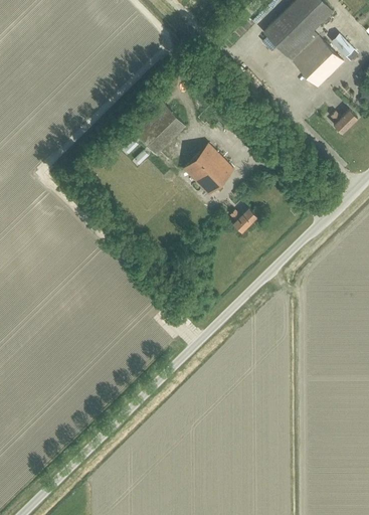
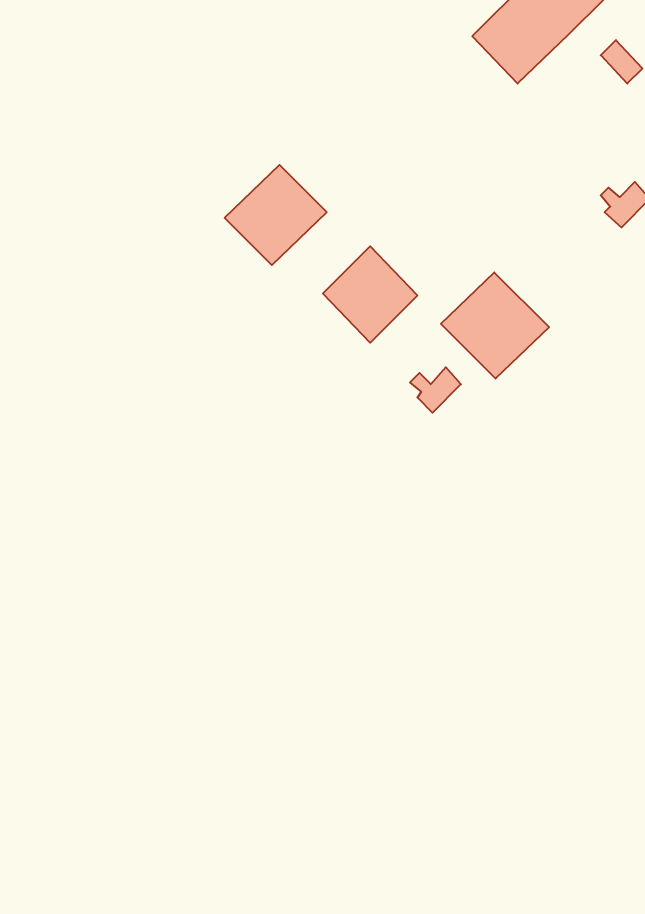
building: [293,36,343,88] -> none
building: none -> [441,272,549,379]

